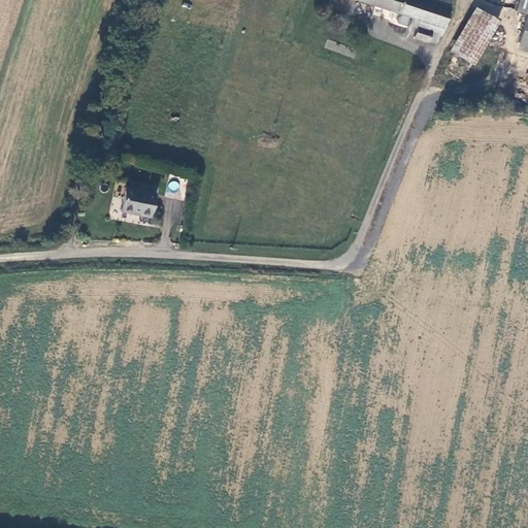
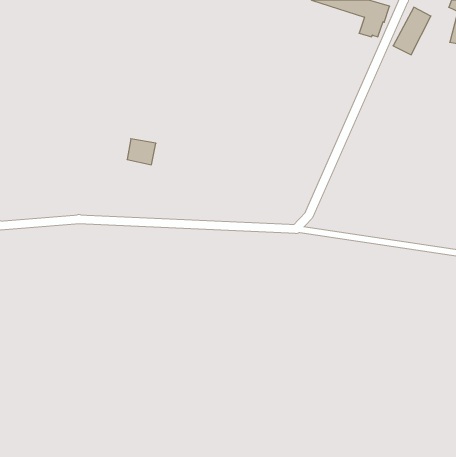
building: [124,189,157,219] -> [127,139,156,165]

